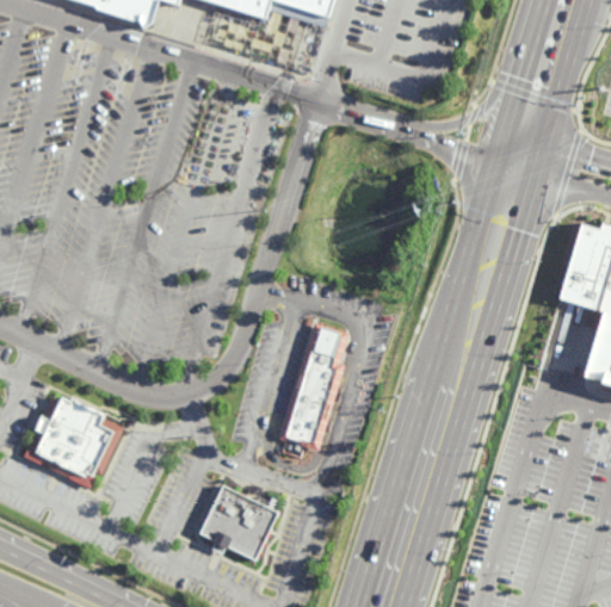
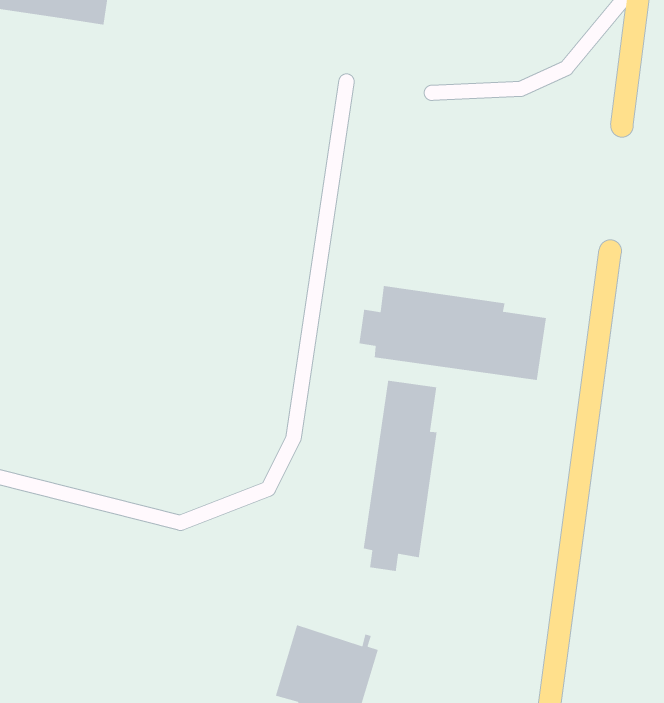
building: none -> [358,285,547,381]
building: [33,395,122,477] -> none

